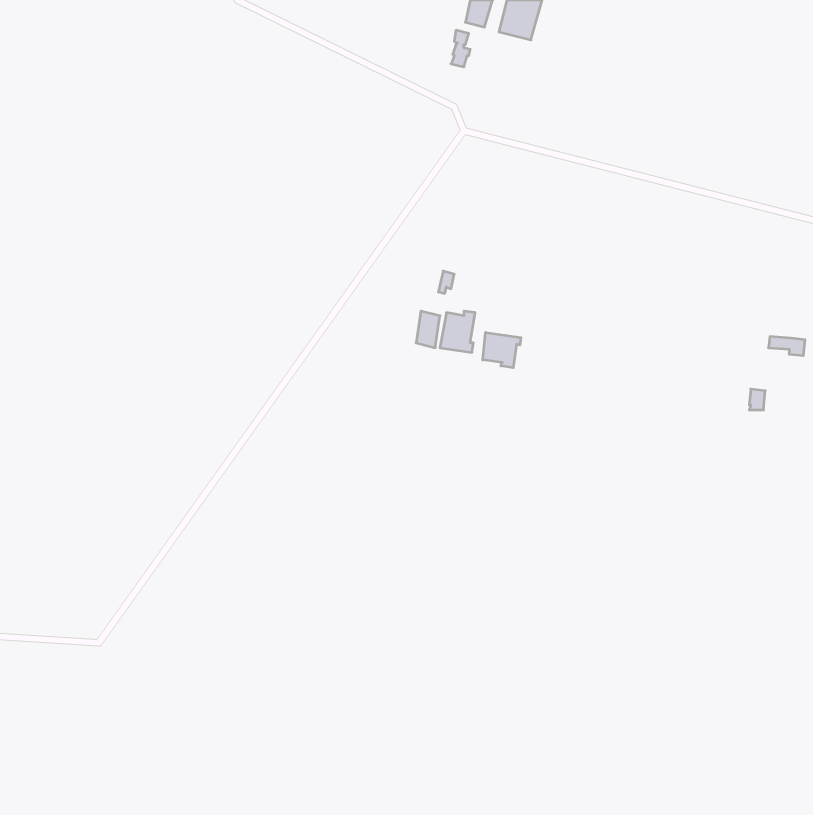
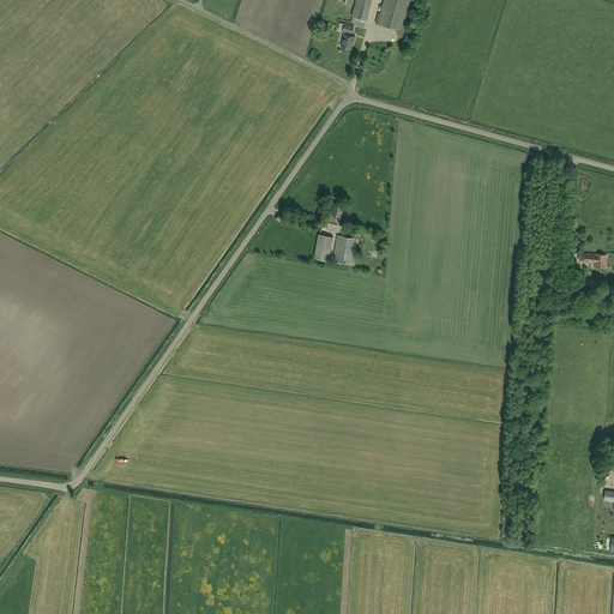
building: [483,332,521,368] -> none

